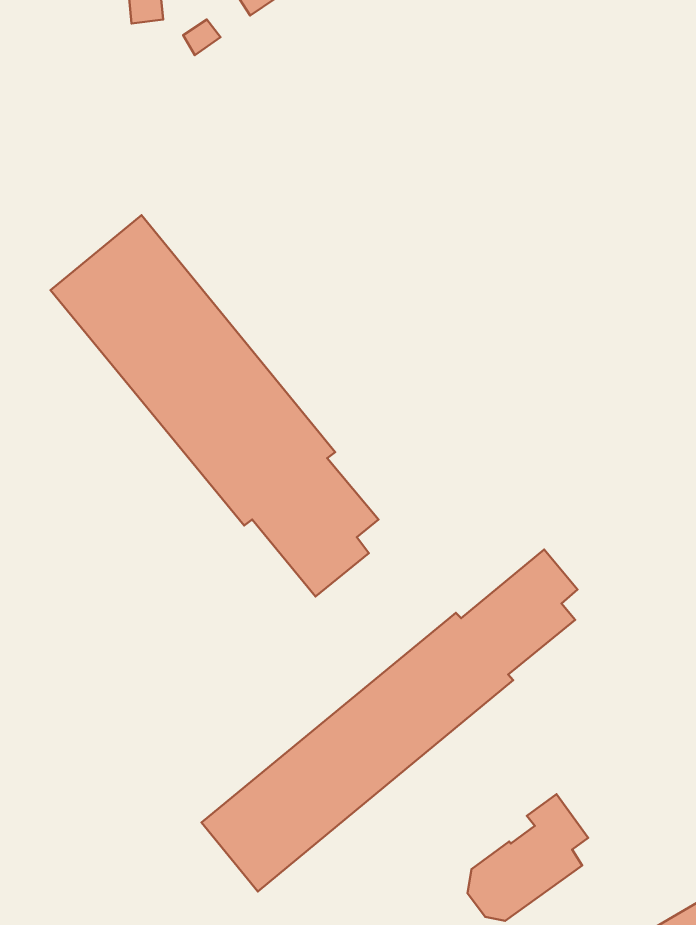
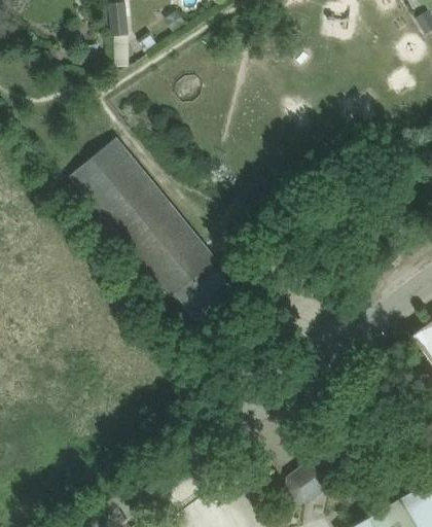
building: [201,550,578,892] -> none

